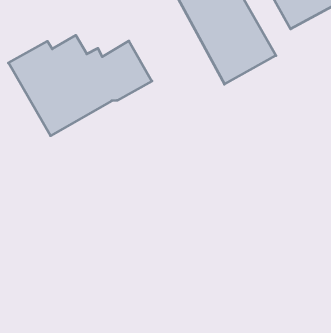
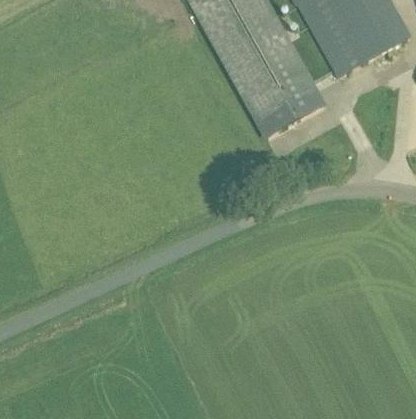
building: [8,35,152,136] -> none

